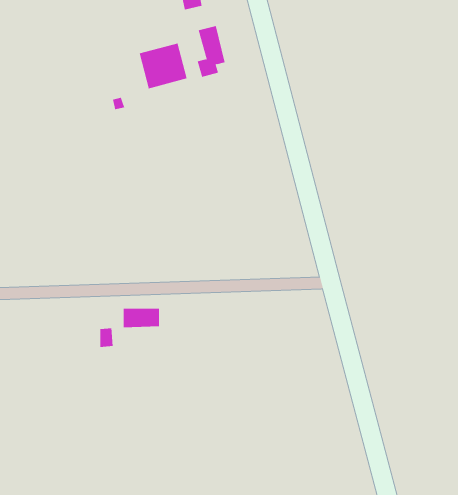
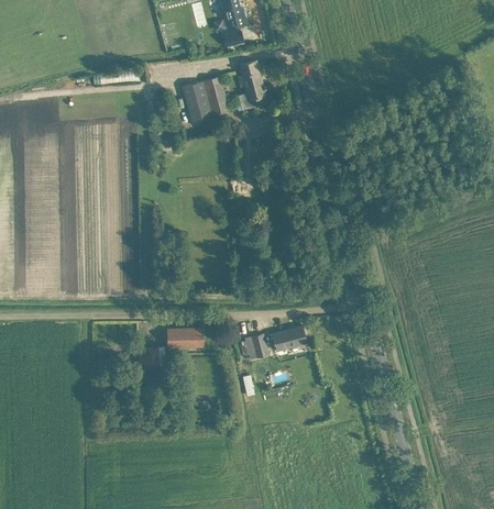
building: none -> [272,325,307,351]
building: none -> [240,333,268,359]

